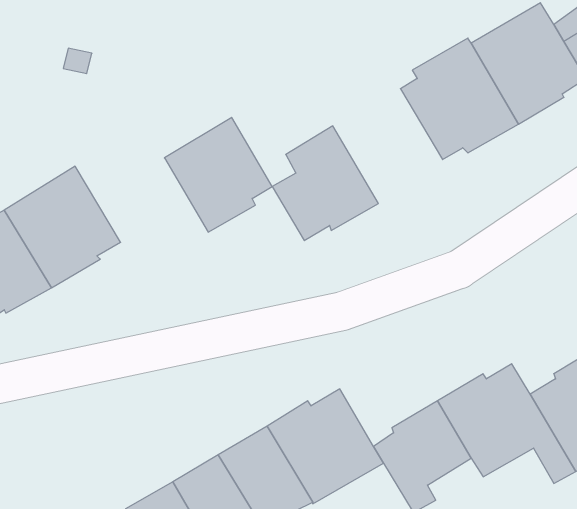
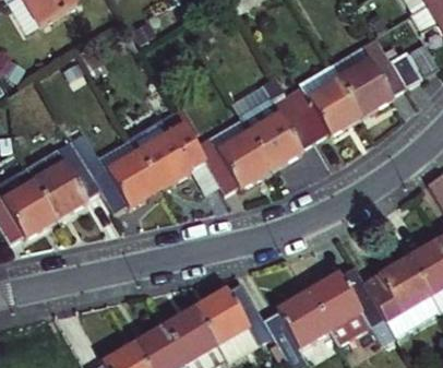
building: none -> [241,88,313,163]
building: none -> [75,130,161,205]

